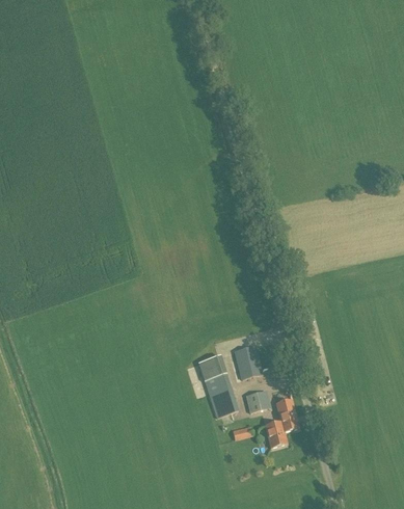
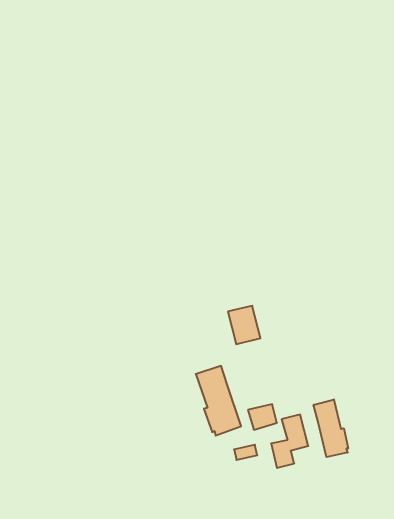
building: [233,345,262,379] -> [228,306,260,344]
building: none -> [314,399,348,457]

